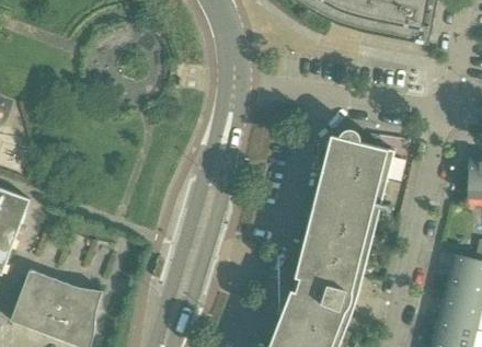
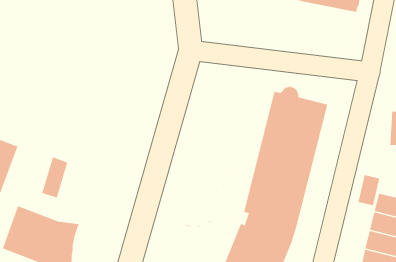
building: none -> [41,156,68,198]
building: none -> [357,174,380,206]

